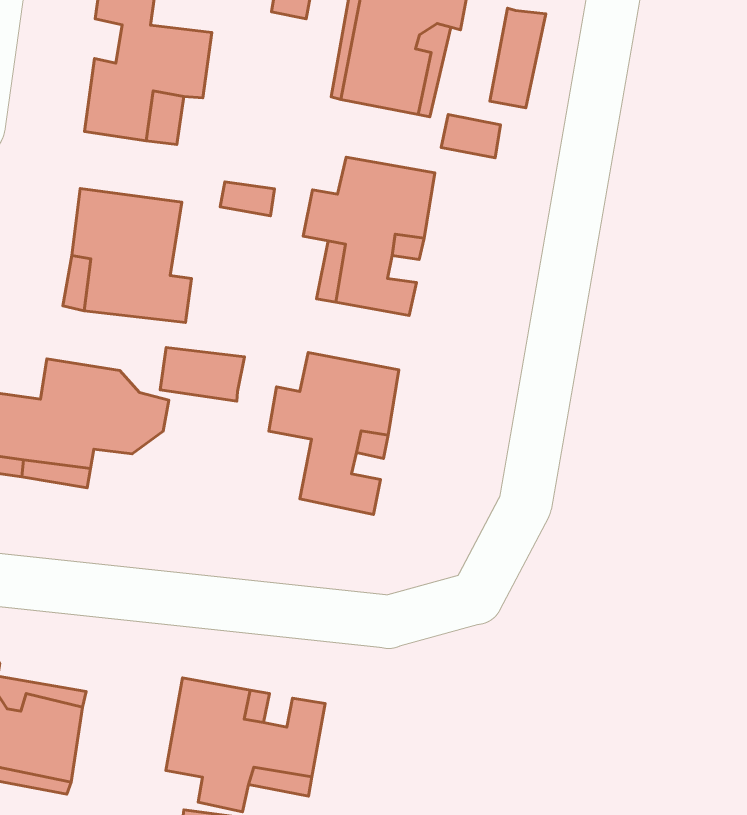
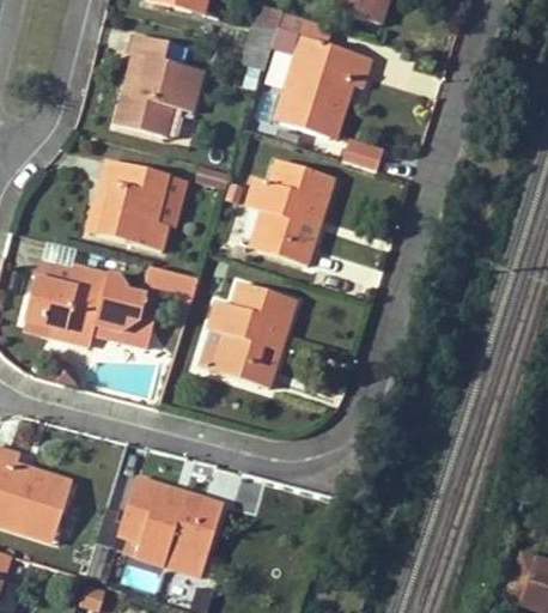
building: [490,8,546,108] -> none
building: none -> [196,327,235,372]

